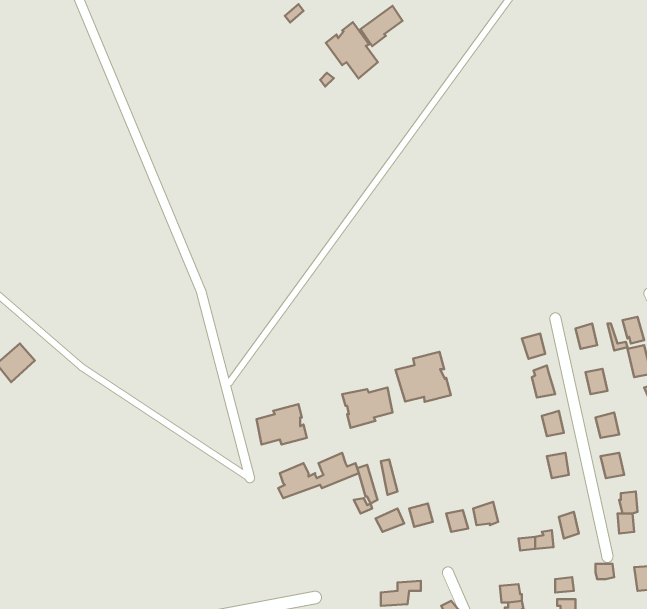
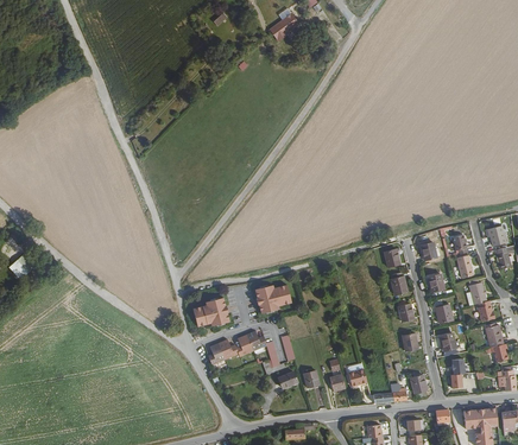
building: [326,22,378,79] -> none
building: [395,352,451,402] -> none

